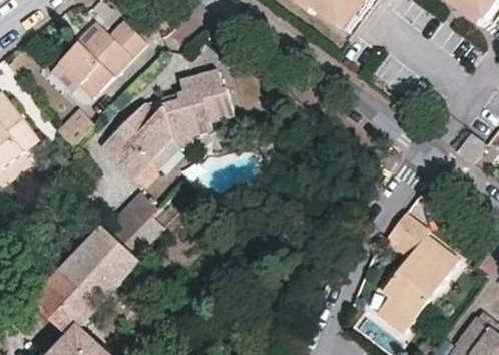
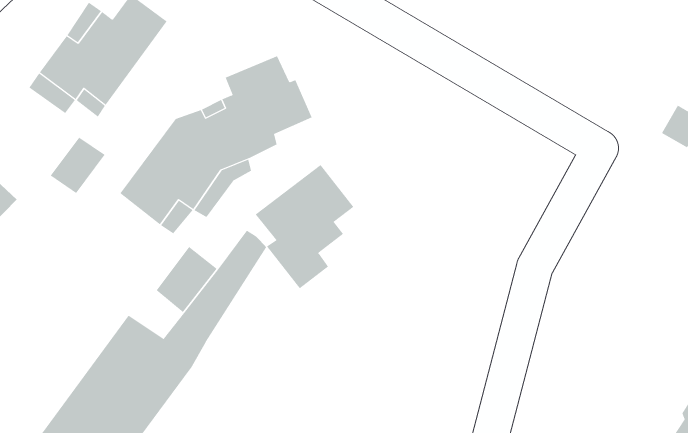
building: none -> [255,164,354,289]
building: [376,219,456,336] -> none

